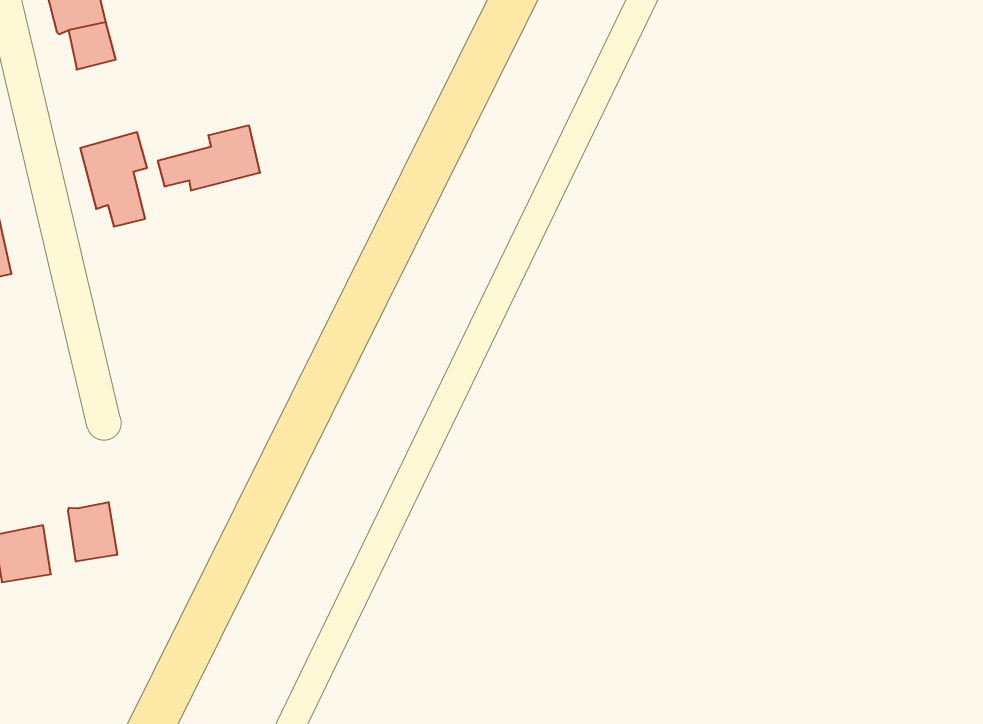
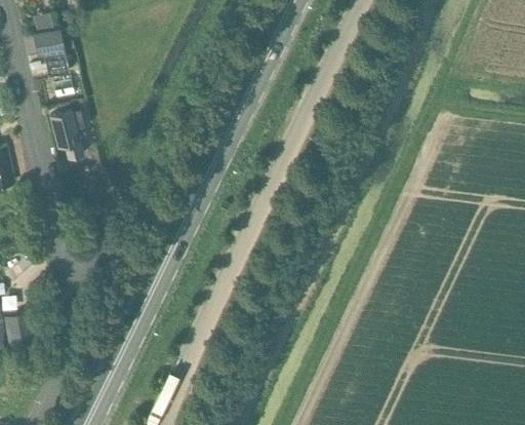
building: [158,125,260,191] -> none
building: [68,502,117,562] -> none

